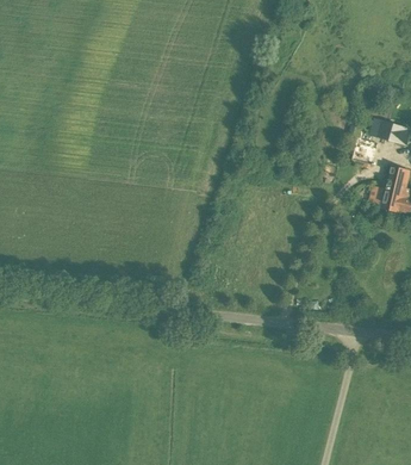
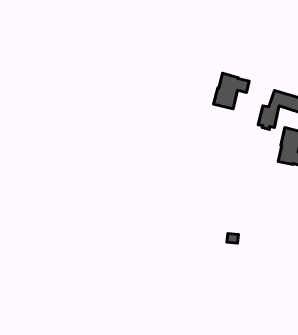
building: none -> [214,73,249,109]

